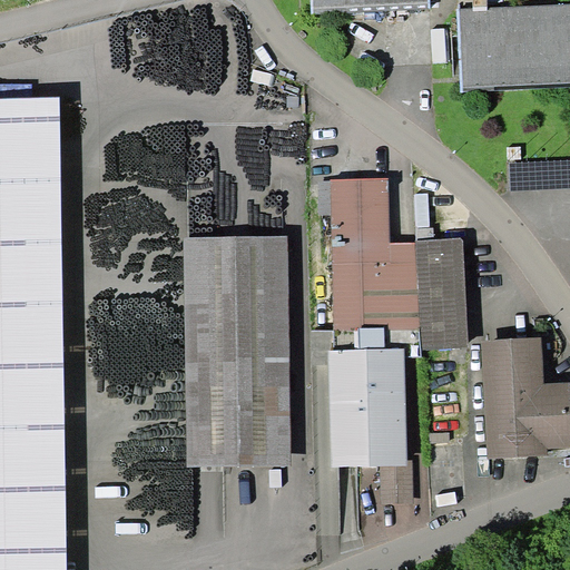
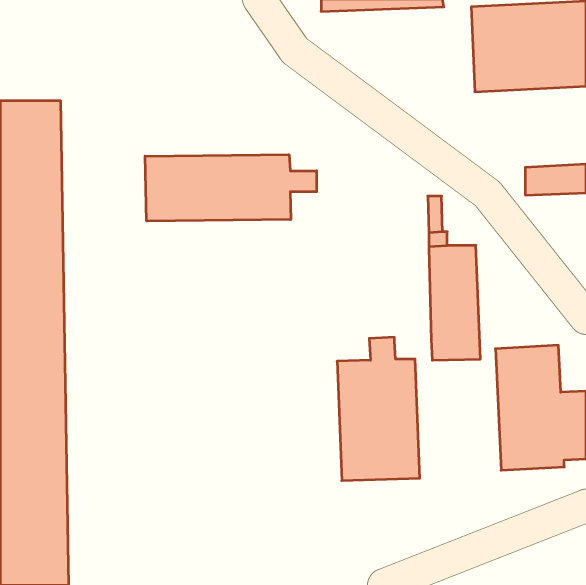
building: none -> [145,155,317,221]
building: [317,176,419,331] -> none
building: [183,235,292,466] -> none

